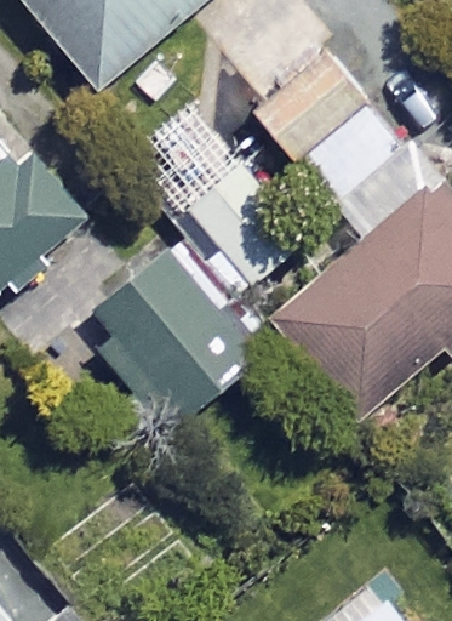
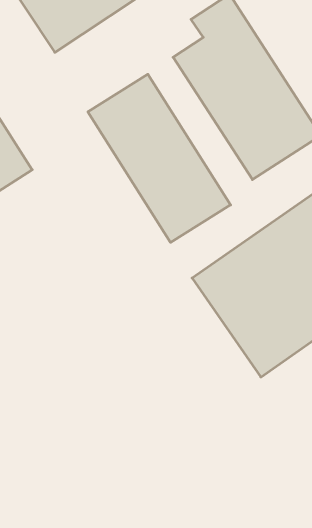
building: [88,252,256,423] -> none

